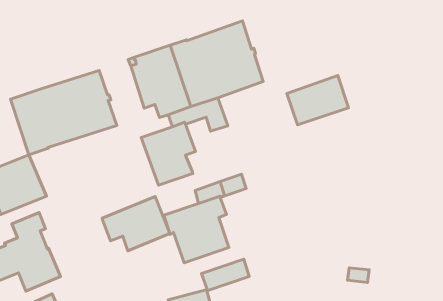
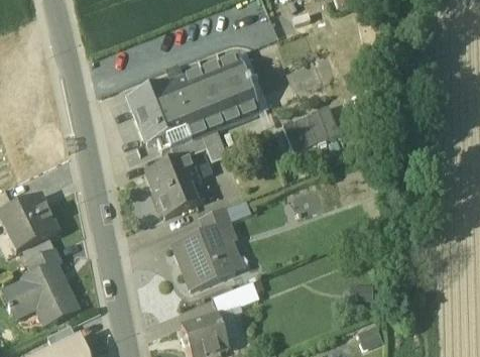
building: [10,71,117,155] -> none
building: [102,197,170,251] -> none

